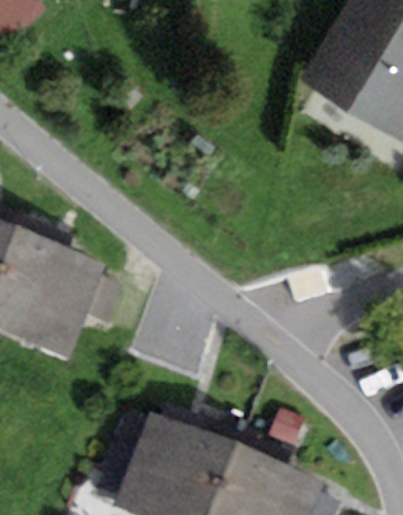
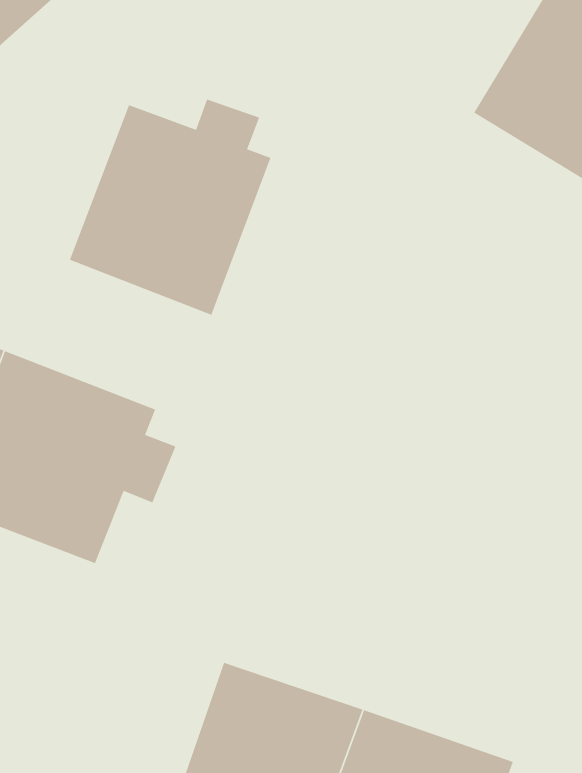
building: none -> [69,99,272,316]

